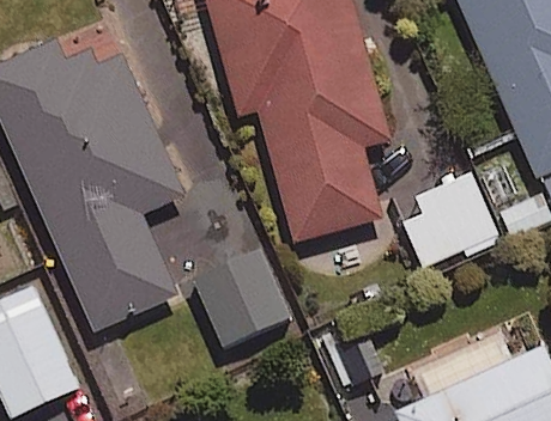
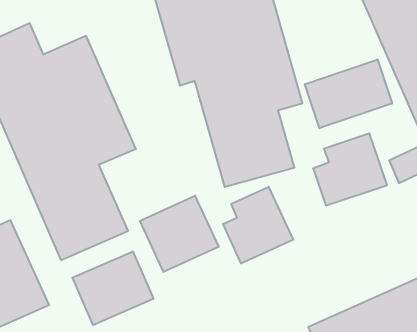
building: none -> [305,59,392,128]
building: none -> [223,187,293,264]
building: none -> [72,251,153,325]

